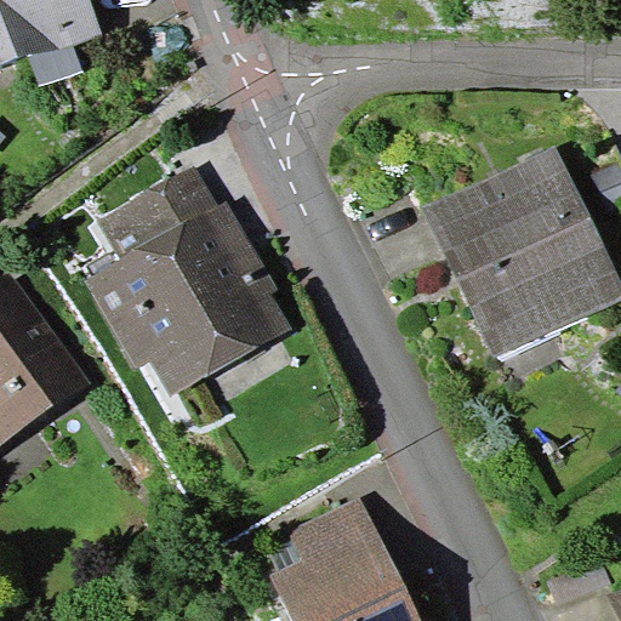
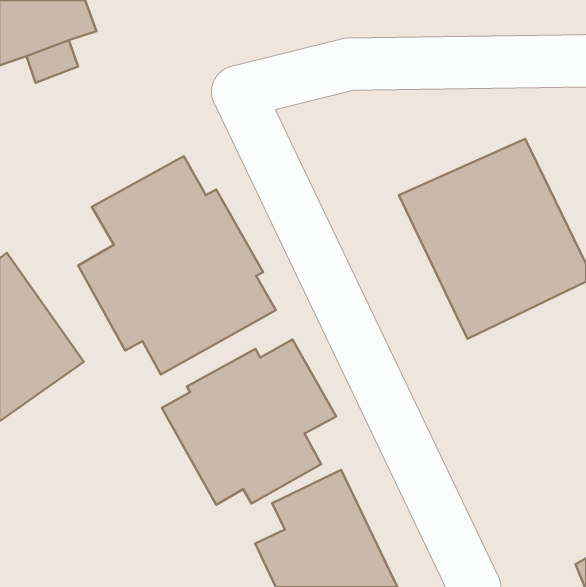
building: none -> [162,340,336,505]

